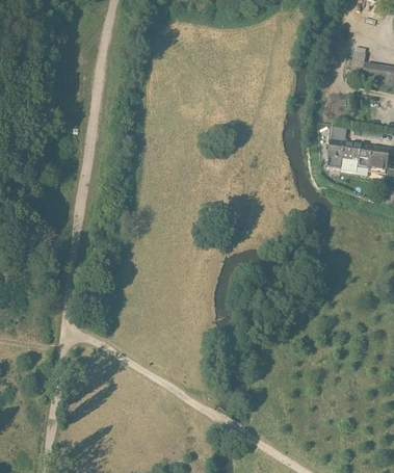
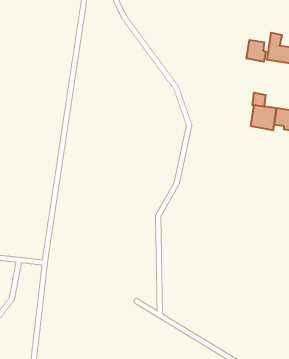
building: none -> [247,40,266,62]

